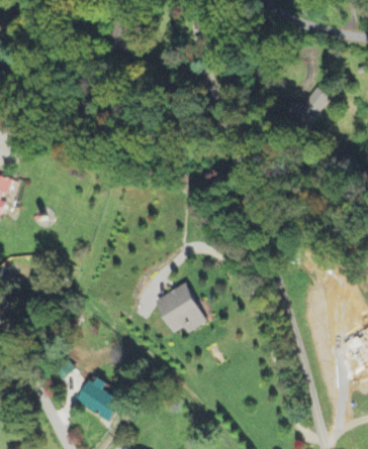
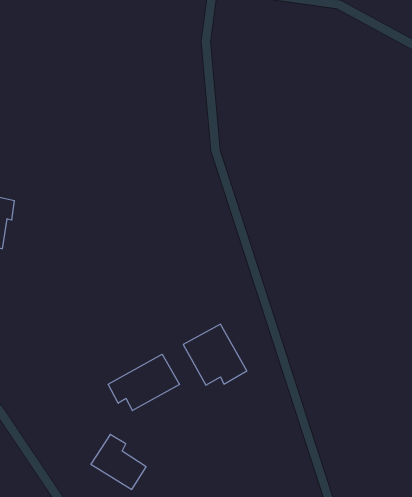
building: [295,87,330,126] -> none
building: none -> [108,354,179,411]

